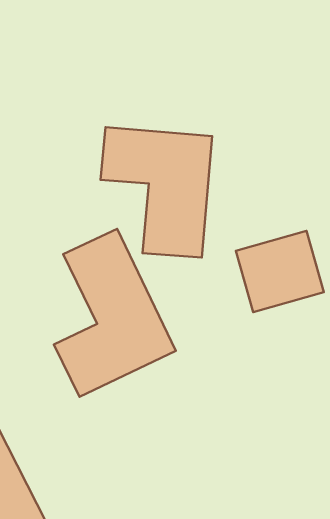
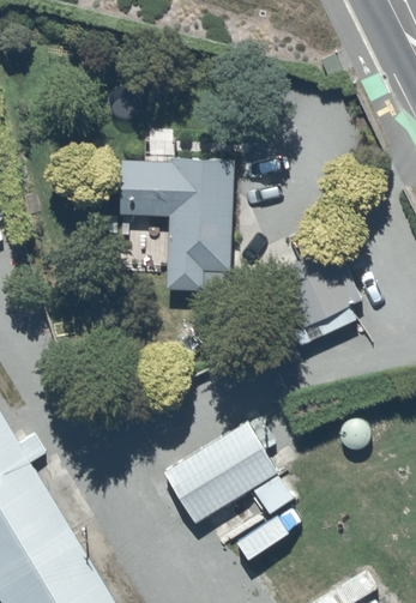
building: [54,229,176,397] -> none
building: none -> [170,421,295,519]

